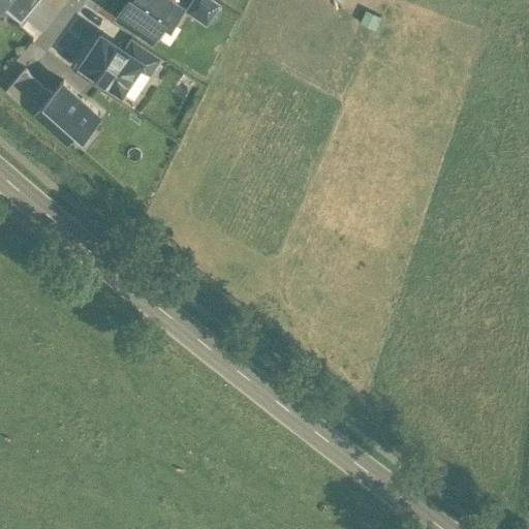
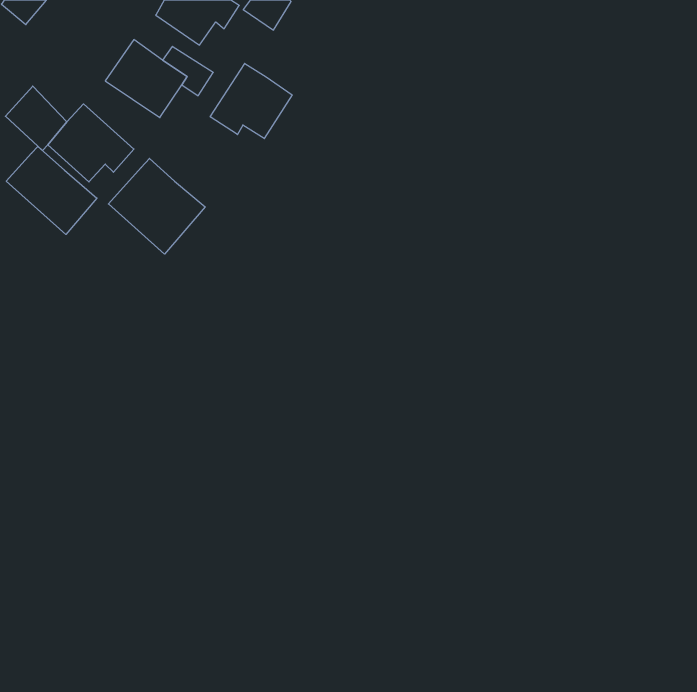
building: none -> [210,63,292,139]
building: none -> [6,146,97,234]
building: none -> [108,158,205,254]

